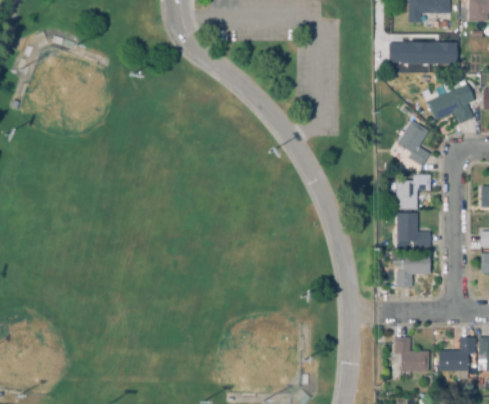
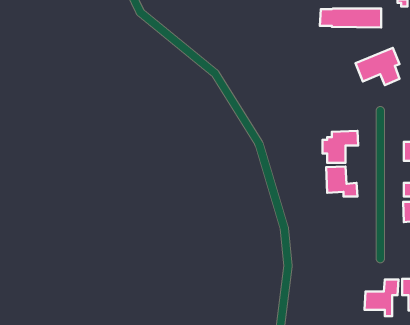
building: [387,118,430,172] -> none
building: [395,255,430,289] -> none
building: [393,338,429,373] -> none

